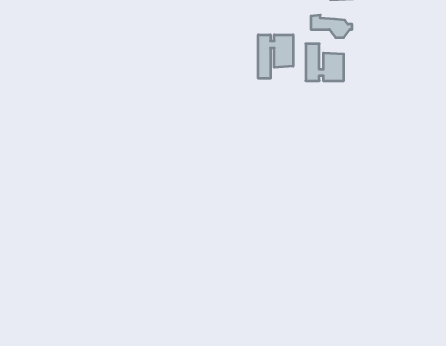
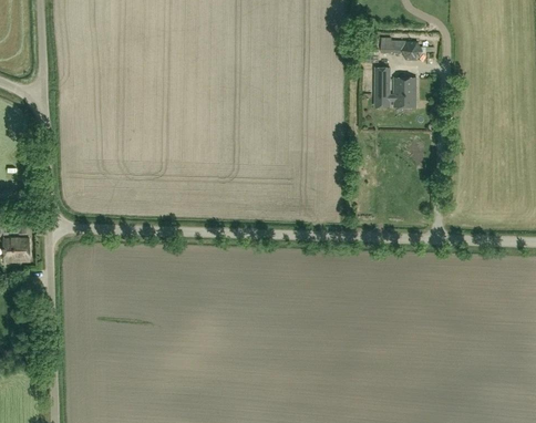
building: [258,35,293,78] -> none

